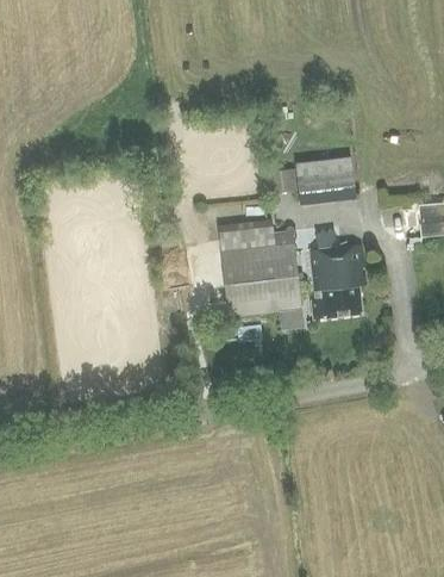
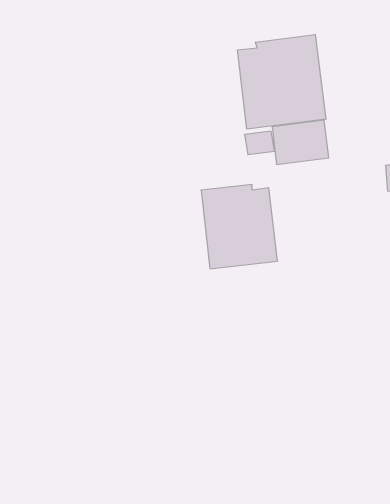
building: none -> [238,34,326,129]
building: [309,241,365,316] -> none

